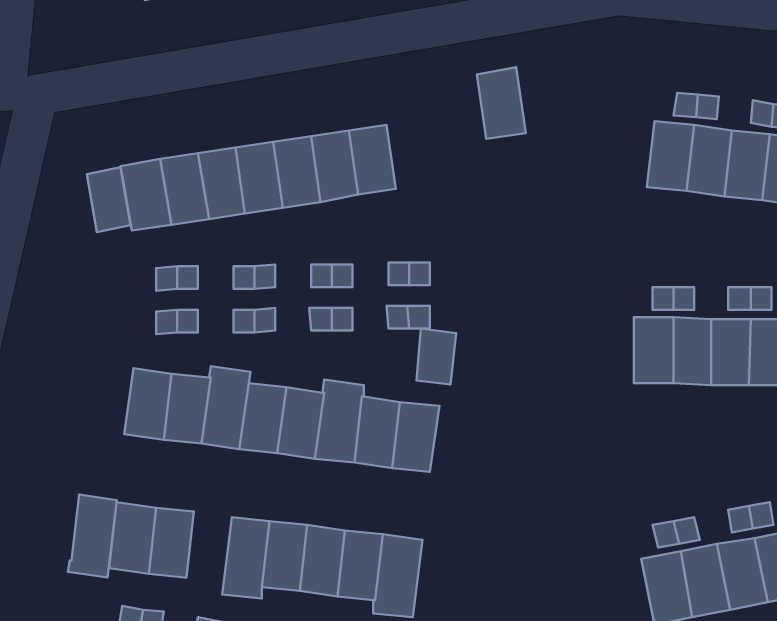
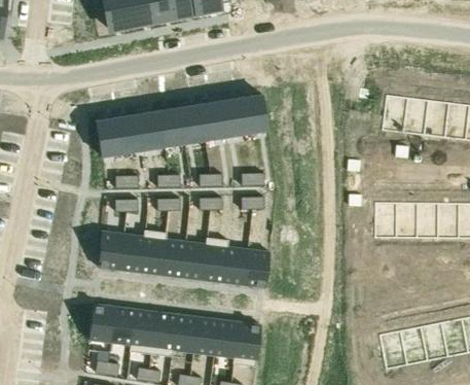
building: [477,67,526,139] -> [242,94,268,133]
building: [87,167,130,232] -> none
building: [417,329,456,385] -> none
building: [68,494,117,577] -> [131,309,157,354]

